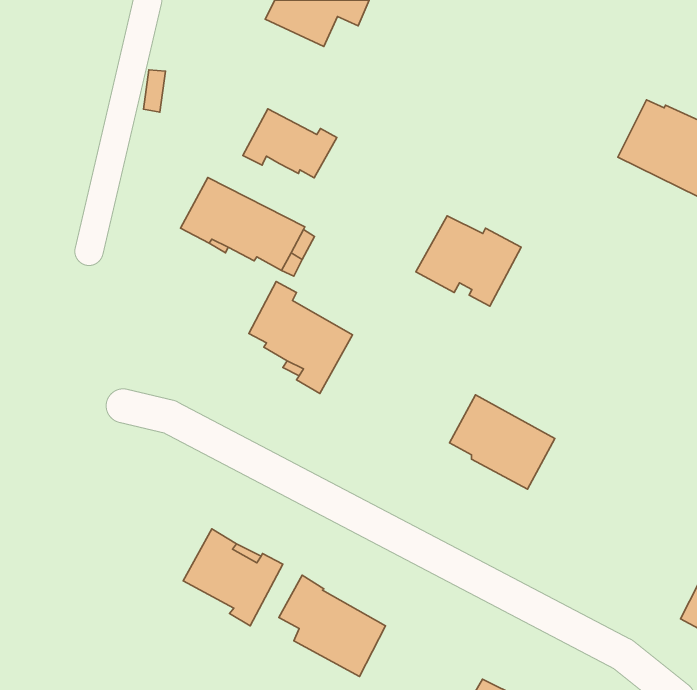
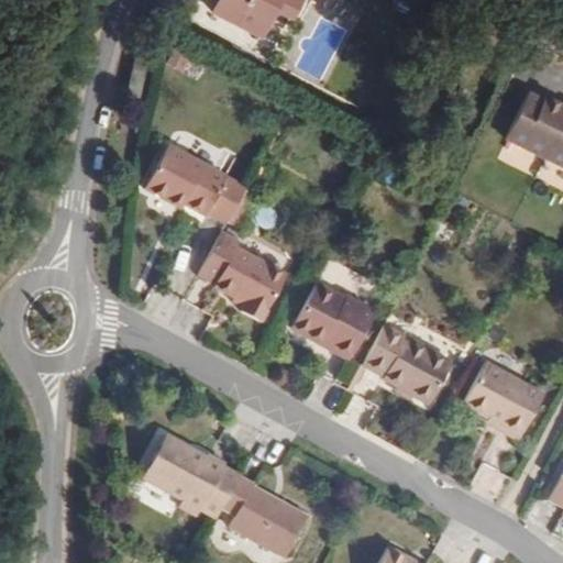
building: [243,109,337,178] -> none
building: [416,216,521,306] -> [291,280,376,353]
building: none -> [461,358,541,433]

